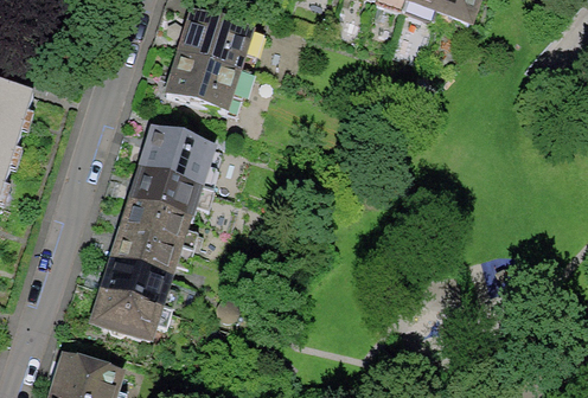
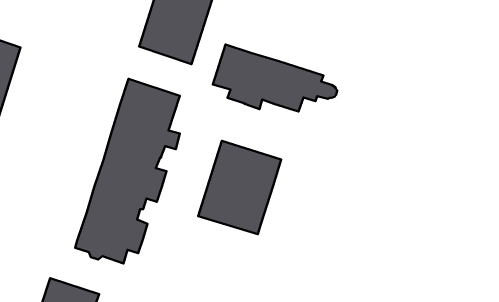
building: none -> [213,45,337,111]
building: none -> [198,141,281,234]

